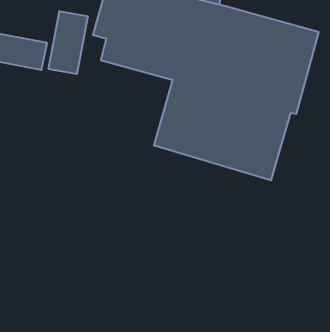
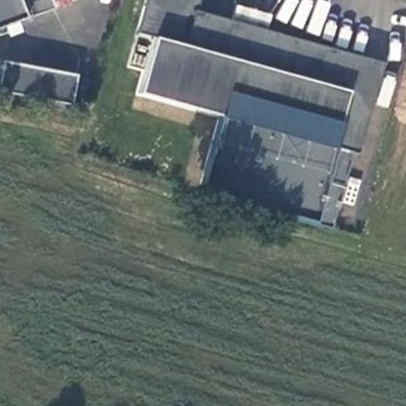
building: [49,11,88,74] -> none

